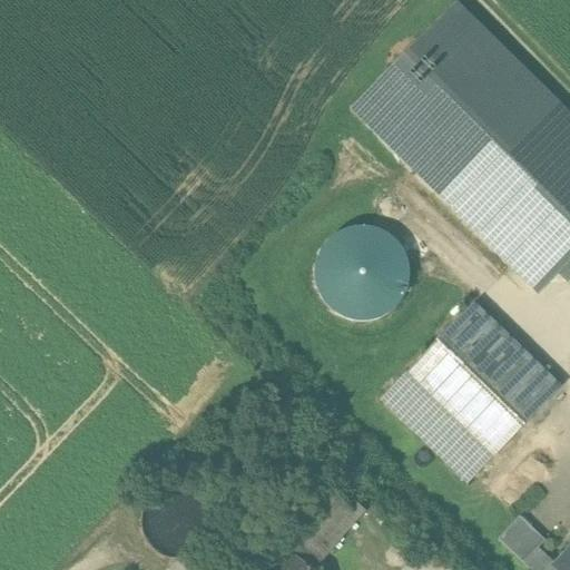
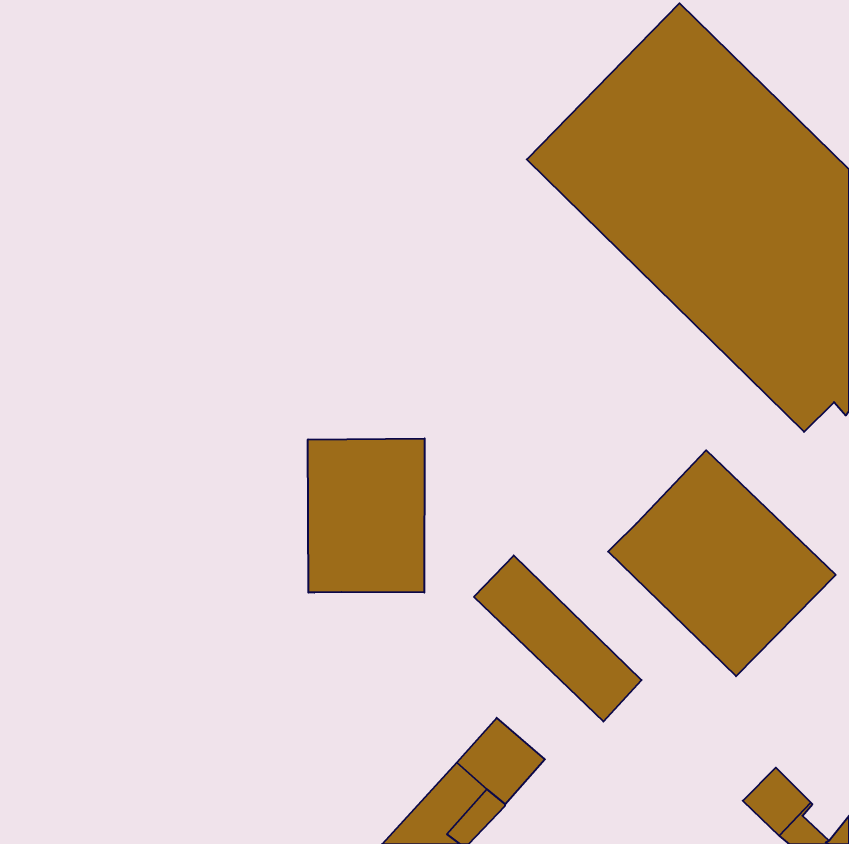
building: [313,223,411,321] -> none
building: none -> [308,438,425,593]
building: [381,370,493,481] -> [474,555,642,722]

